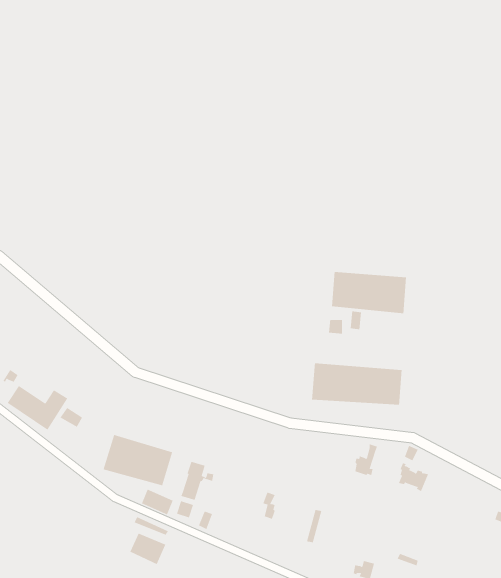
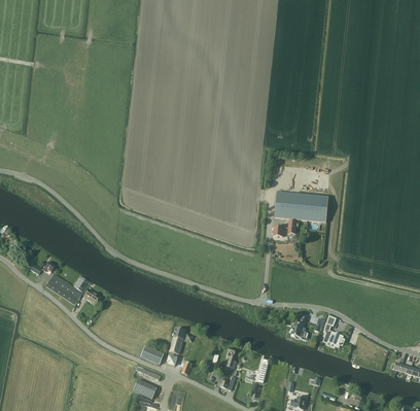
building: [312,363,402,406] -> none
building: [103,434,173,486] -> none

